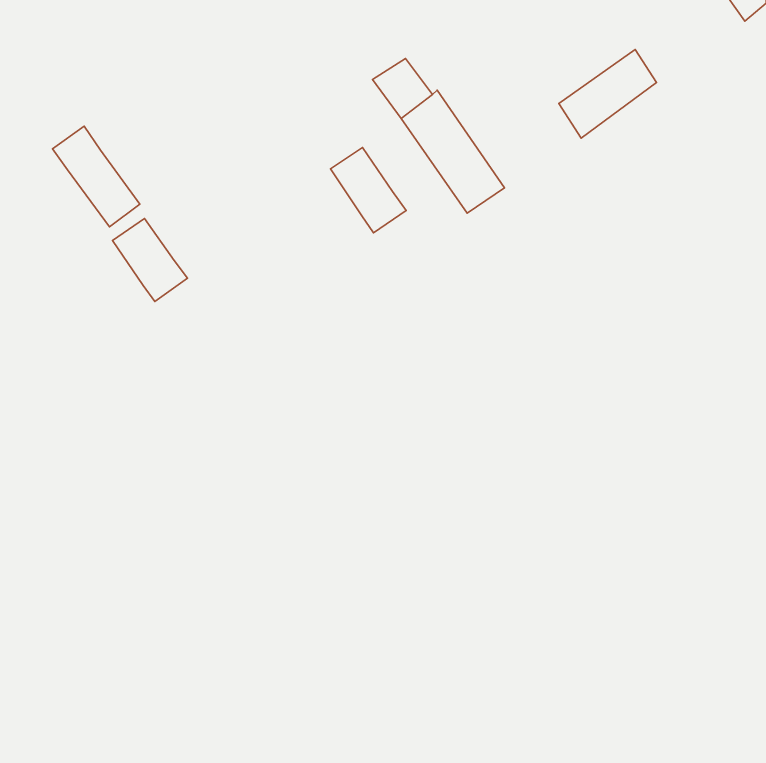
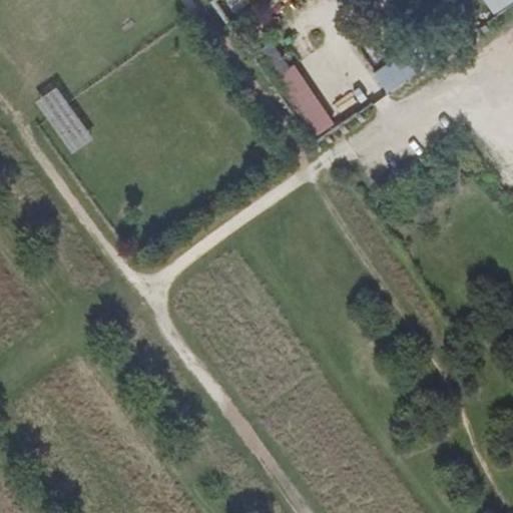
building: [330,147,406,233] -> none
building: [113,218,187,302] -> none

